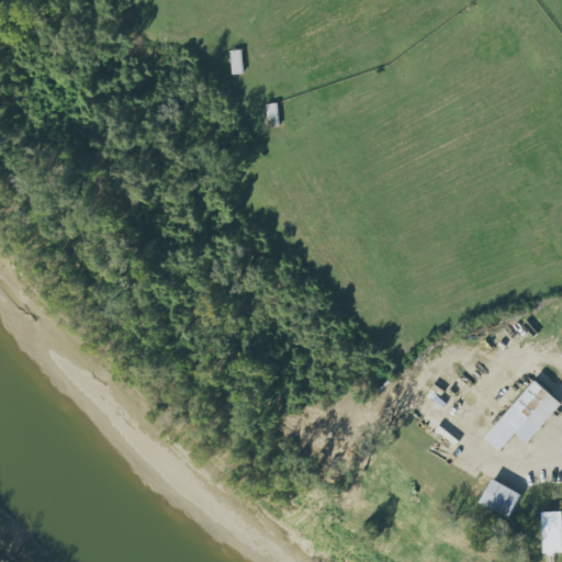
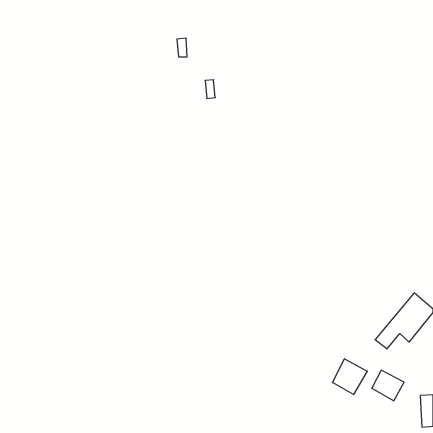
building: none -> [332,359,367,395]

